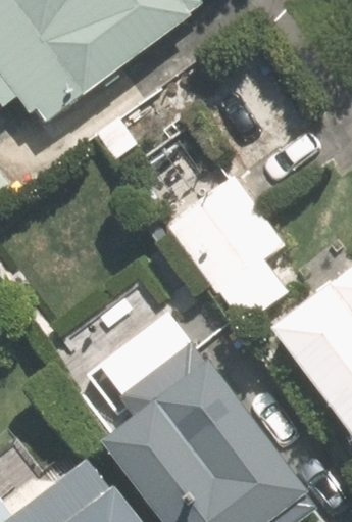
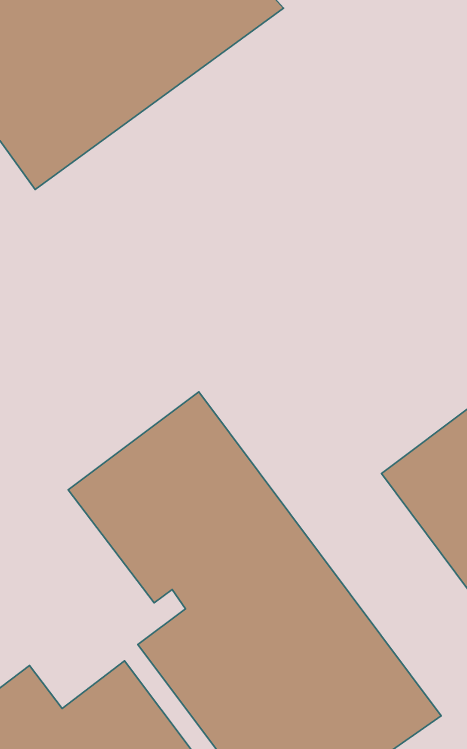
building: [164,178,280,319] -> none

